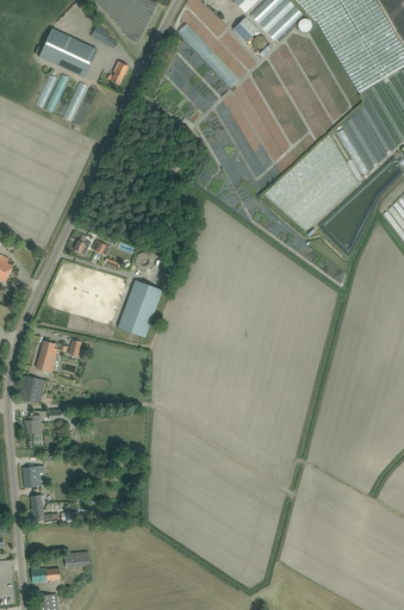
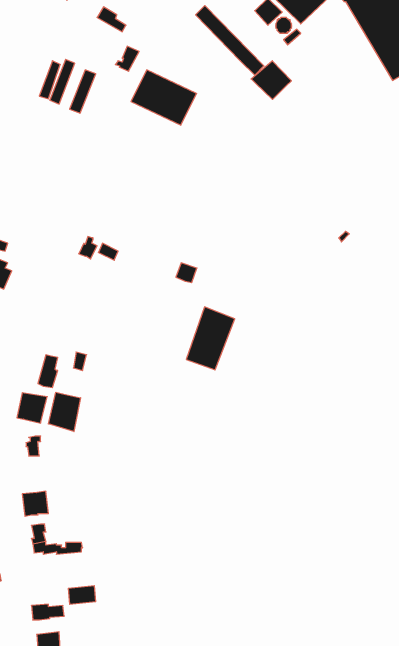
building: [38,27,98,77] -> [131,70,197,125]
building: none -> [251,61,291,99]
building: [118,279,162,336] -> [186,307,235,370]
building: none -> [48,392,81,432]

